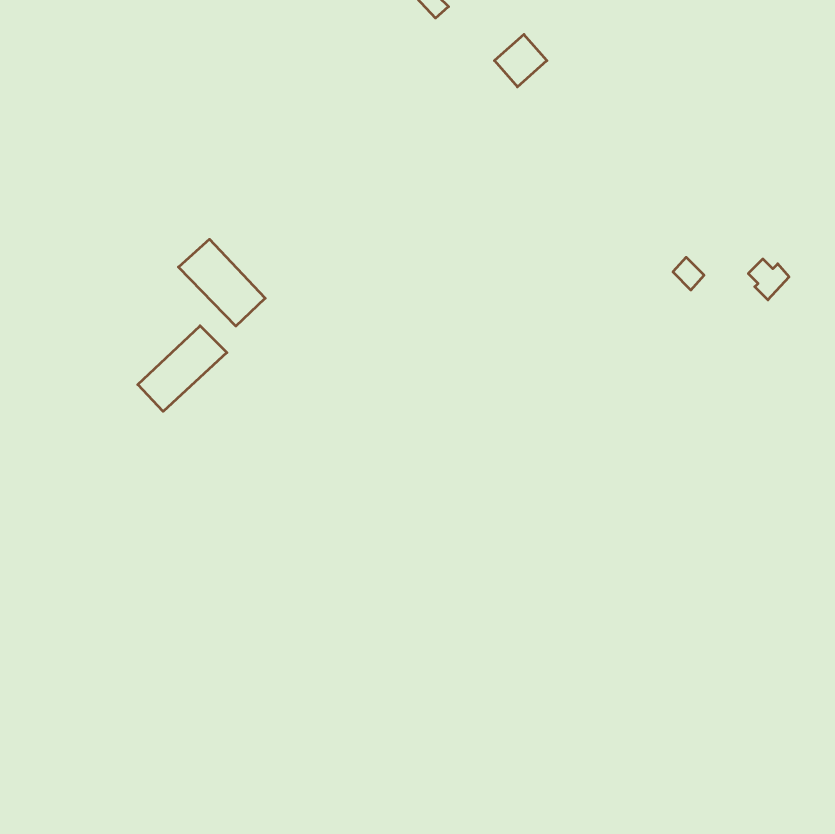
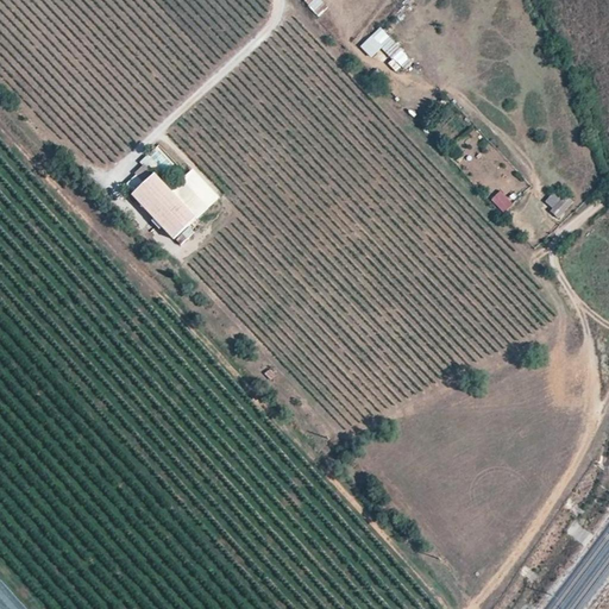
building: [138,326,227,411] -> none

